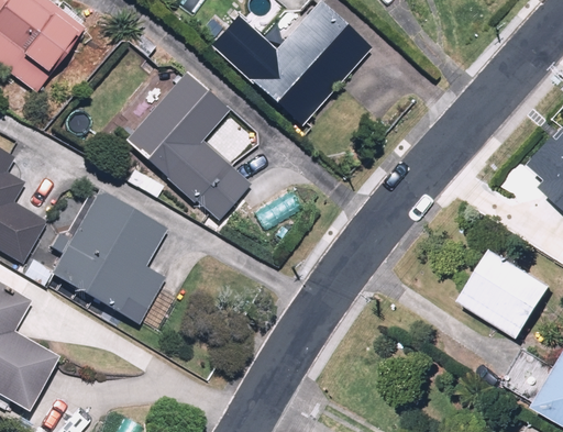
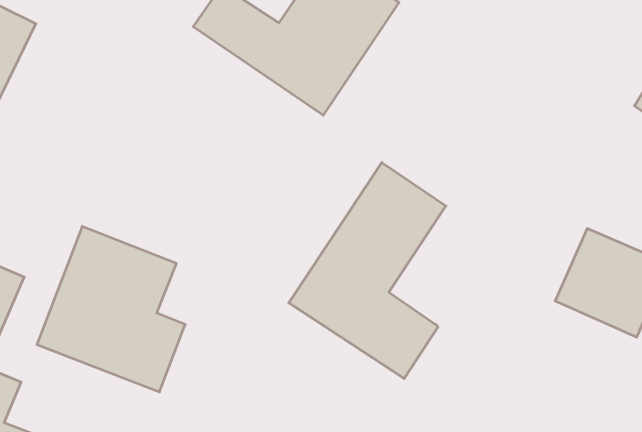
building: [123,69,251,222] -> none
building: none -> [289,162,446,379]

